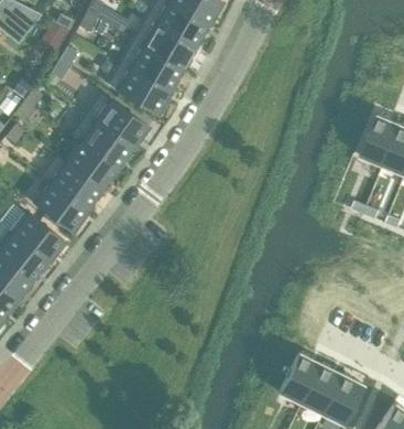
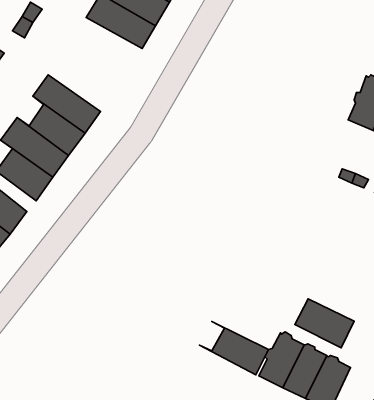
building: [107,61,171,112] -> none
building: [84,92,148,148] -> none
building: none -> [295,299,354,348]
building: none -> [200,321,269,375]

